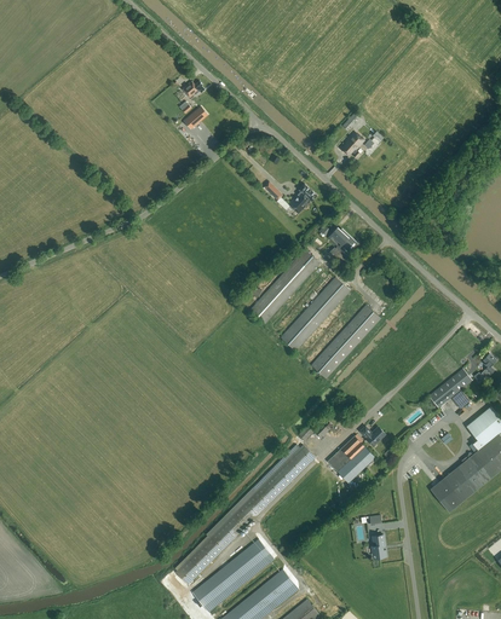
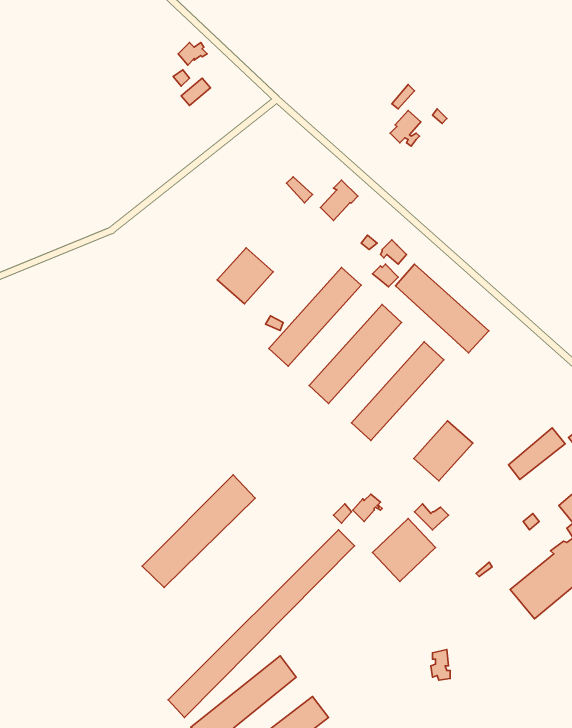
building: none -> [217,248,273,304]
building: none -> [396,264,489,353]
building: none -> [414,421,473,481]
building: none -> [142,475,255,587]

